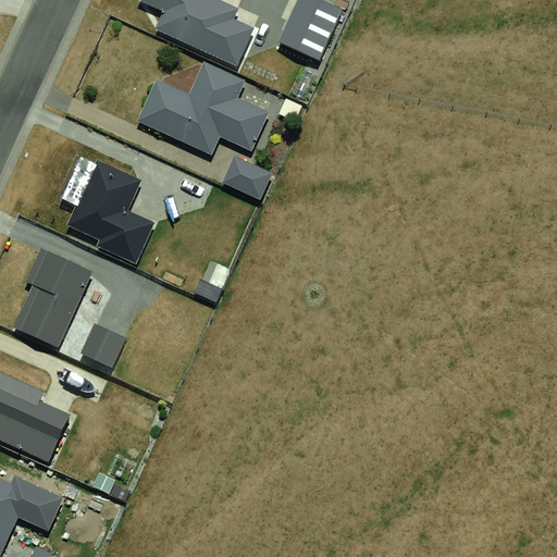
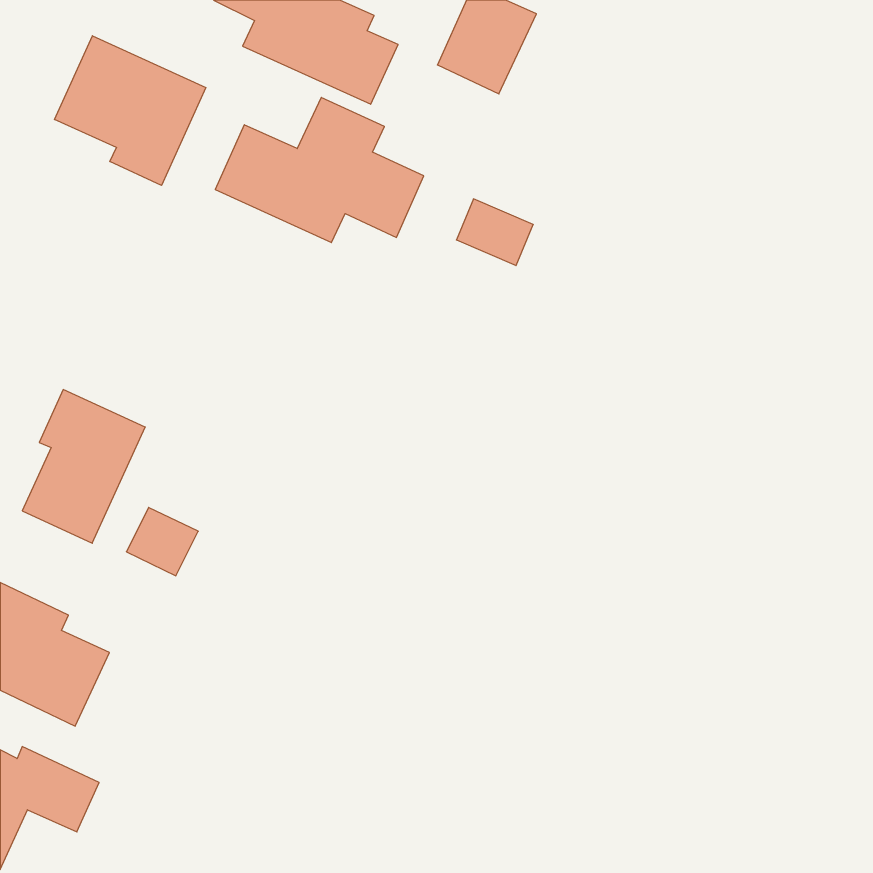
building: none -> [55,36,206,185]
building: [223,157,272,199] -> [456,199,533,266]
building: [65,159,154,263] -> none

